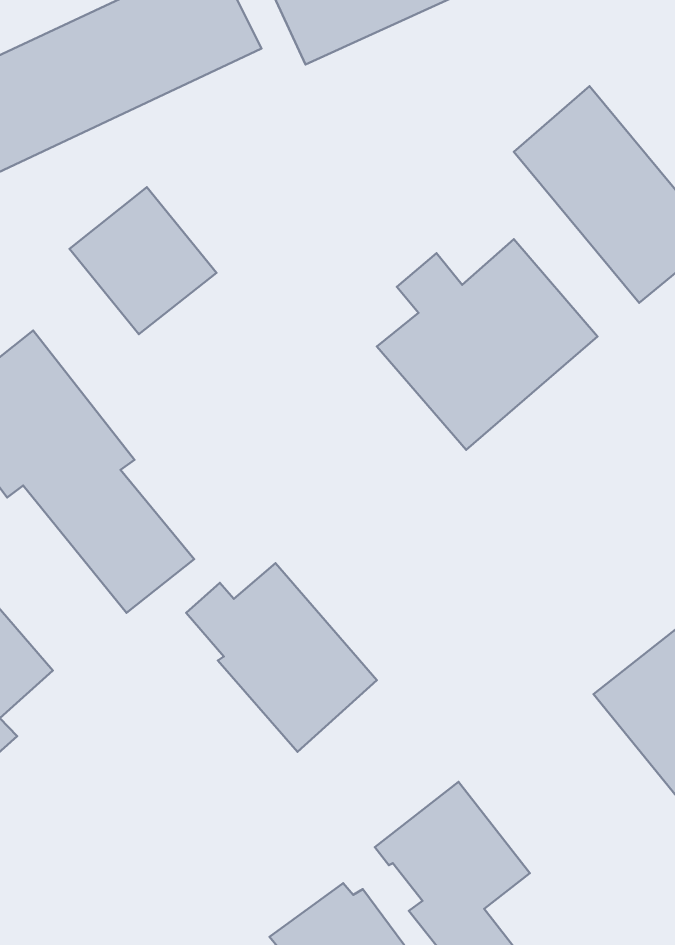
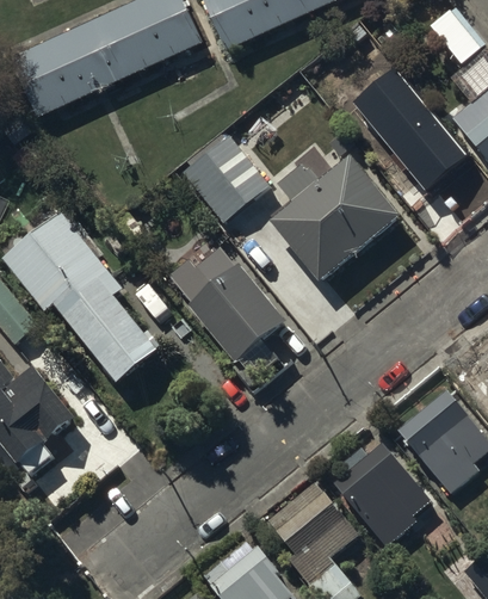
building: [69,187,216,334] -> [181,135,270,223]
building: [186,563,377,752] -> [168,246,283,359]
building: none -> [333,440,432,548]

